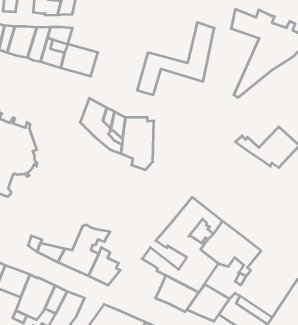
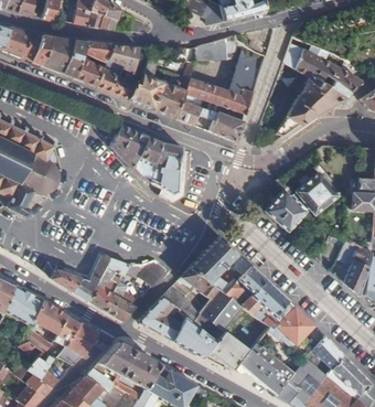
building: none -> [194,35,244,60]
building: none -> [128,49,197,118]
building: none -> [107,45,139,71]
building: none -> [192,106,244,142]
building: none -> [266,192,304,231]
building: none -> [127,259,167,287]
building: none -> [272,301,313,344]
building: none -> [139,297,182,341]

